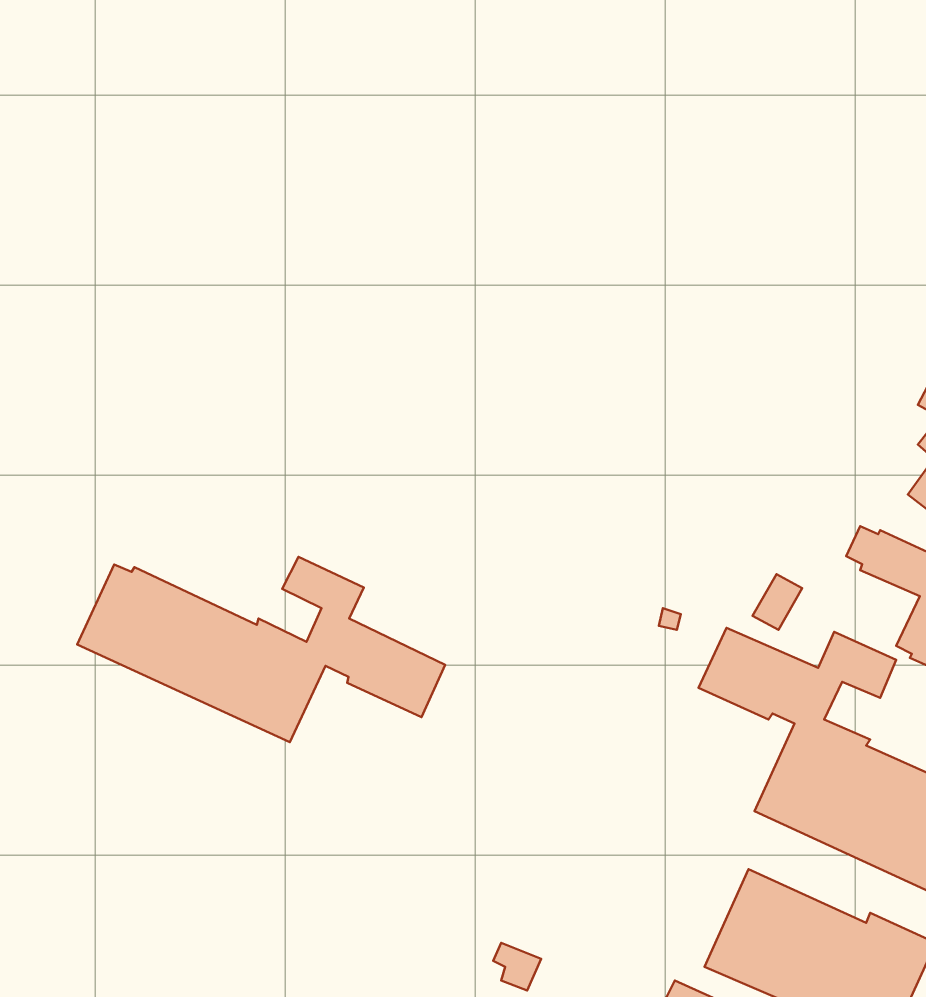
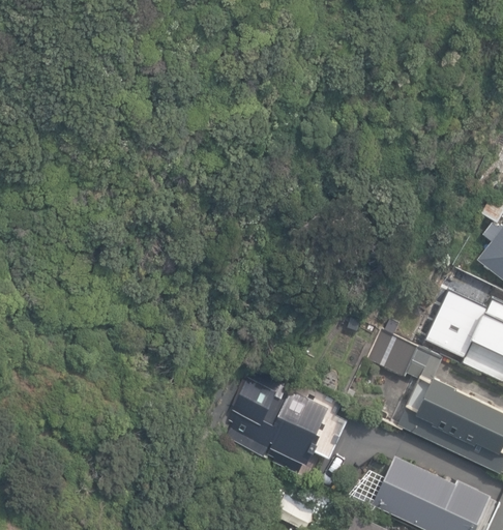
building: [77,557,445,742] -> none
building: none -> [221,370,344,473]

